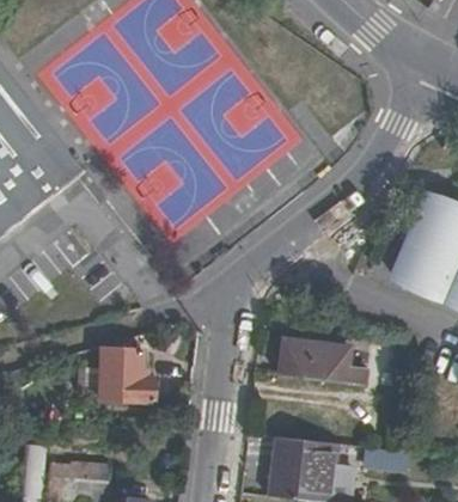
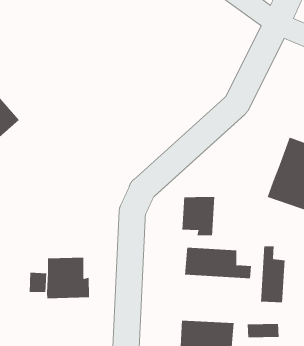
building: none -> [182,196,215,236]
building: none -> [260,246,285,303]

